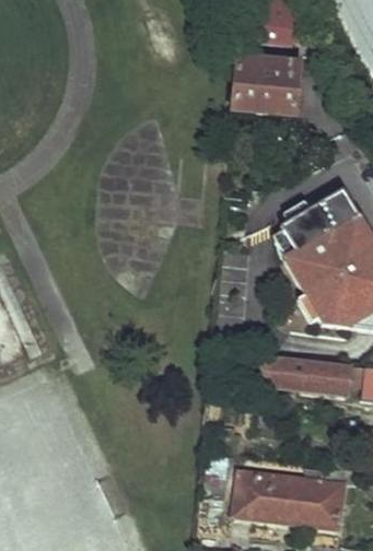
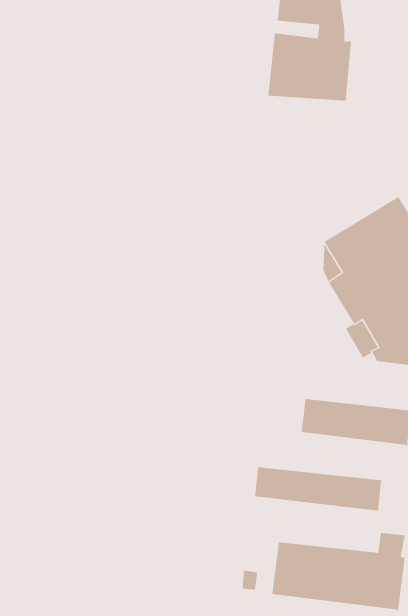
building: none -> [254,466,382,512]

